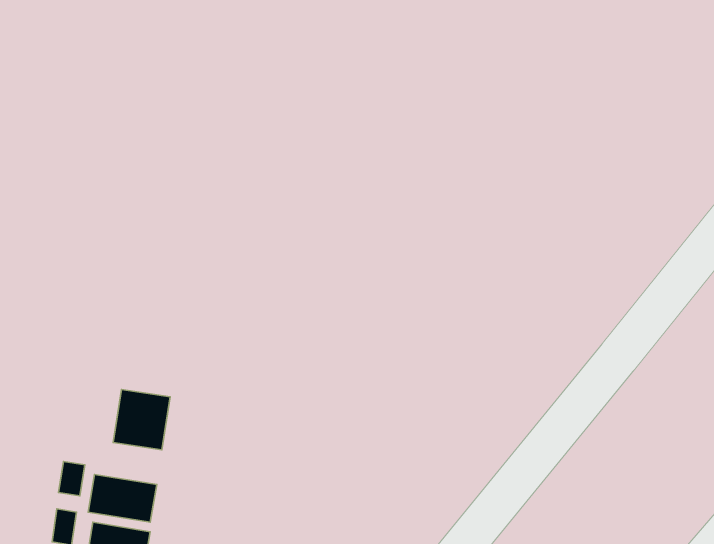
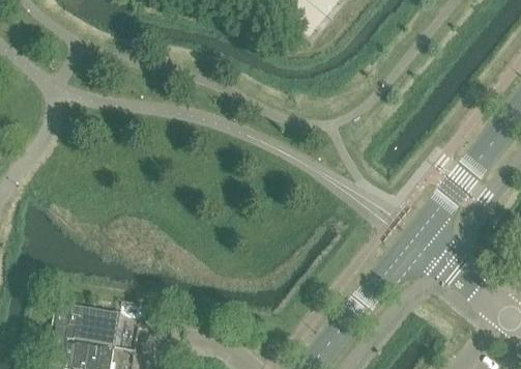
building: [113,390,170,450] -> none

